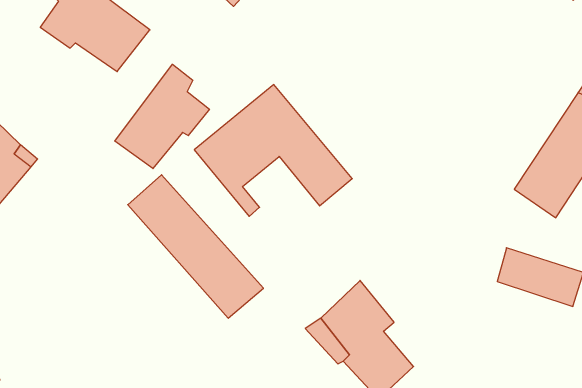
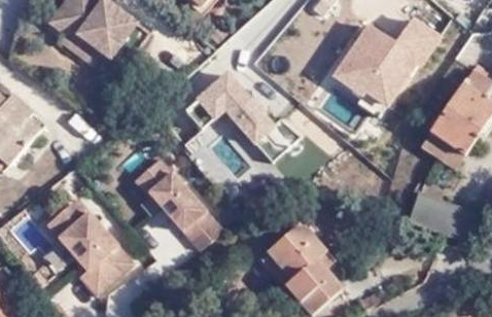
building: none -> [328,13,438,116]
building: [115,64,209,169] -> none
building: none -> [45,191,131,295]

